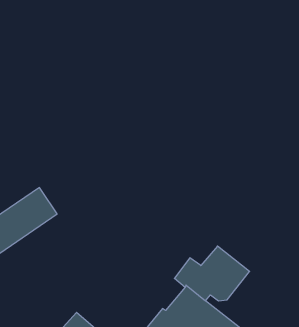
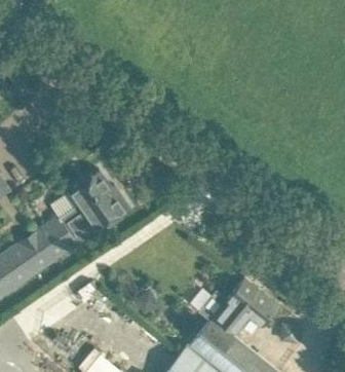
building: none -> [49,172,128,246]

